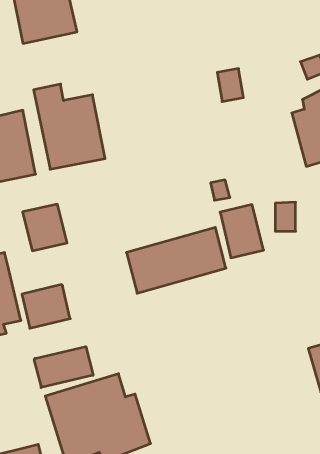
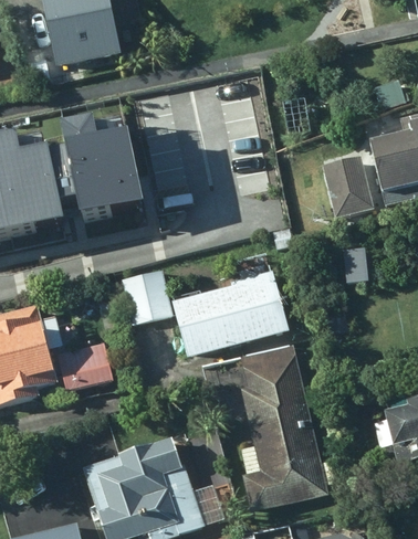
building: [23,204,67,251] -> [121,268,171,321]
building: [220,205,264,258] -> [321,156,370,216]
building: none -> [238,342,335,509]
building: [34,347,93,388] -> none

